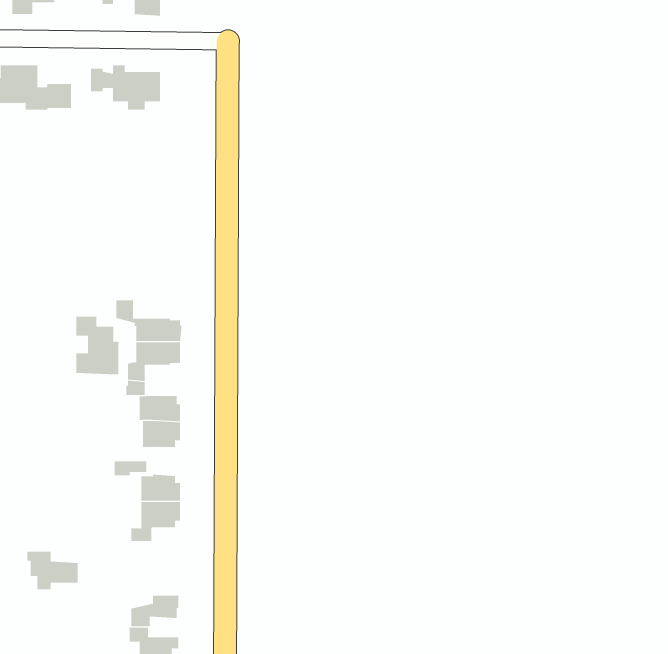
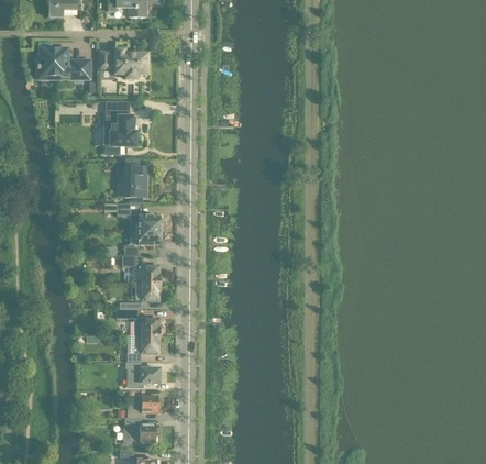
building: none -> [104,101,134,153]
building: [75,316,119,375] -> [115,158,144,197]
building: [26,551,78,590] -> [123,361,157,386]

